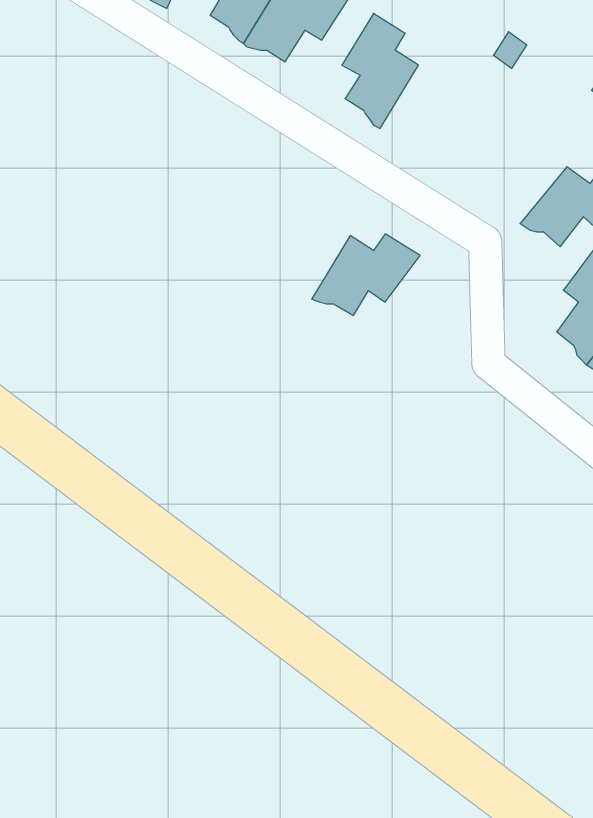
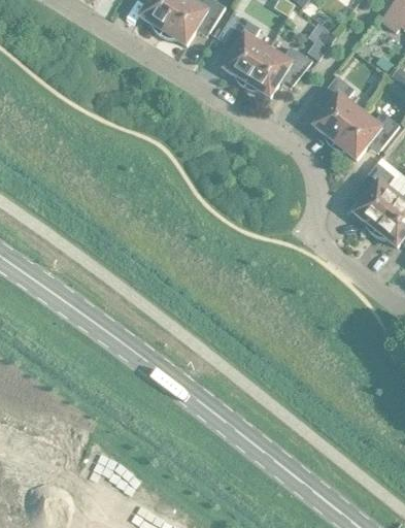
building: none -> [313,75,361,145]
building: [312,234,420,316] -> [245,46,312,97]

